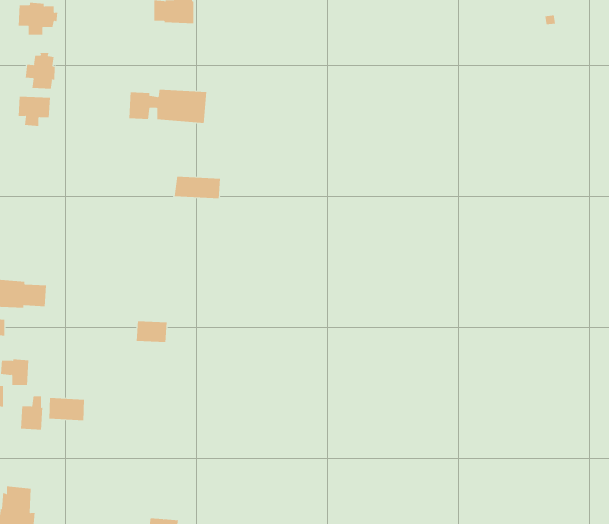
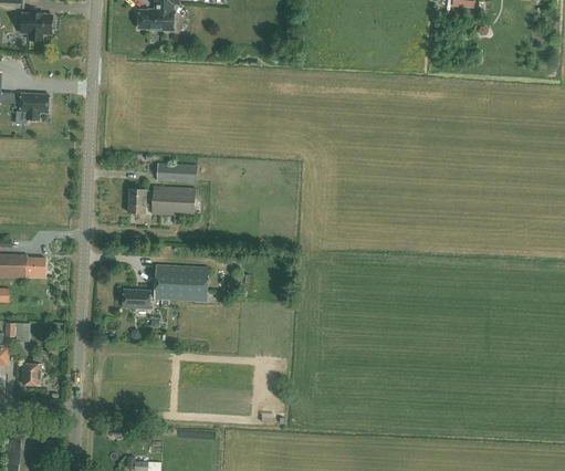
building: [25,52,55,90] -> none
building: [128,89,207,123] -> [127,187,196,217]
building: none -> [154,265,208,304]
building: [49,397,84,421] -> none

